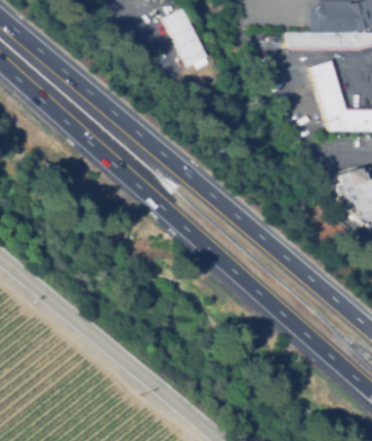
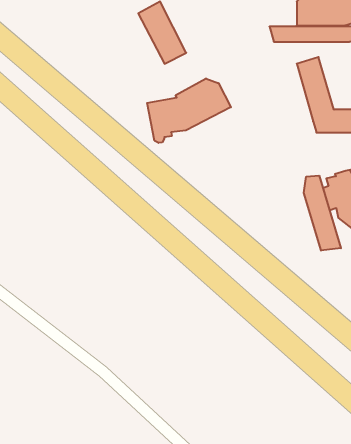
building: none -> [147,78,231,143]
building: none -> [304,176,341,251]

